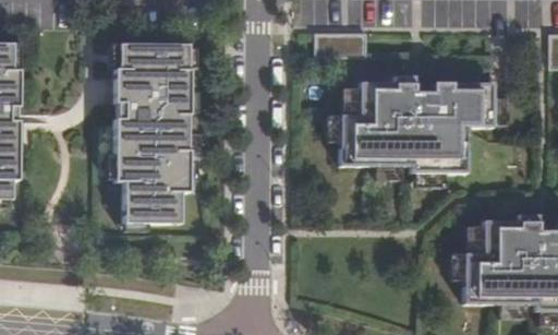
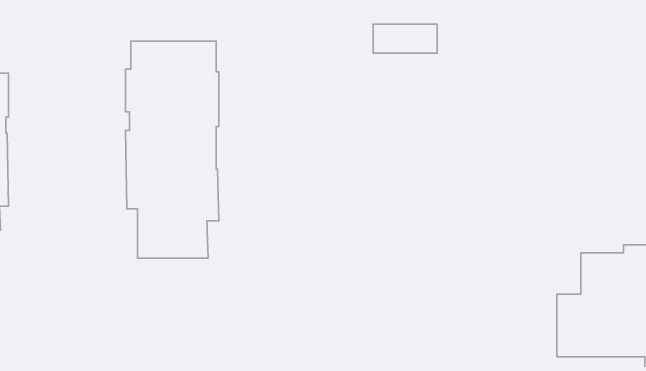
building: [340,72,492,170] -> none

